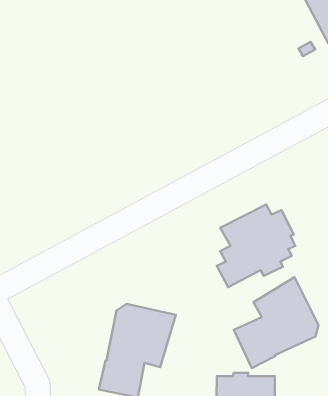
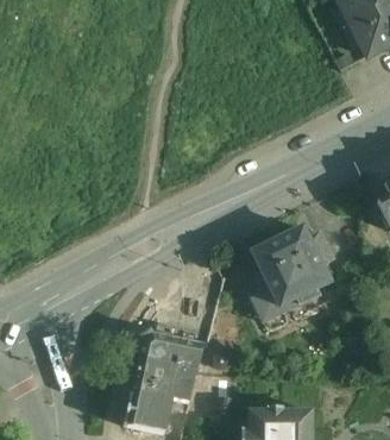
building: [234,277,319,368] -> none

